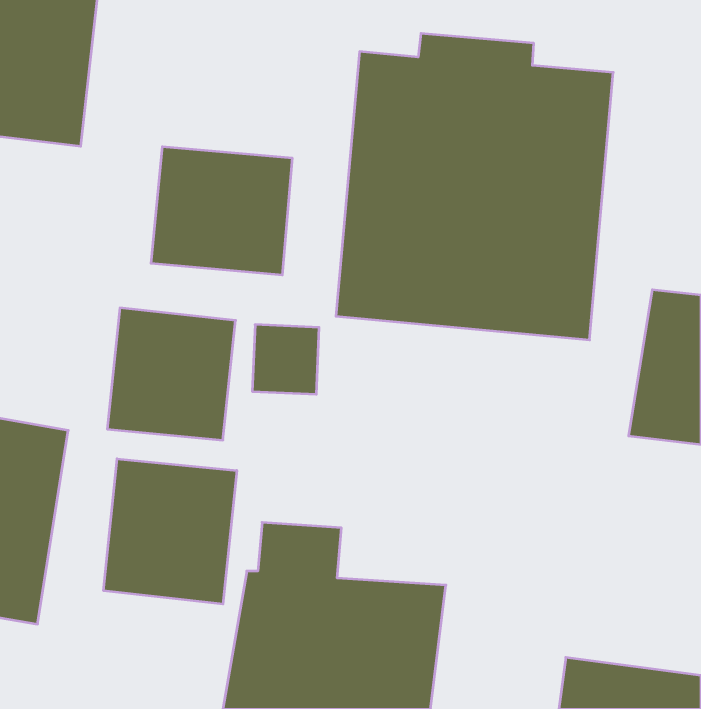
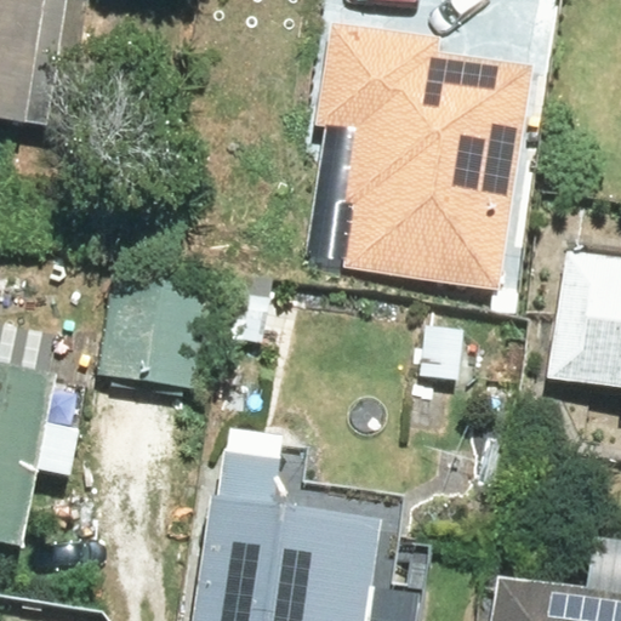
building: [151,147,292,275] -> none
building: [104,459,237,604] -> none

